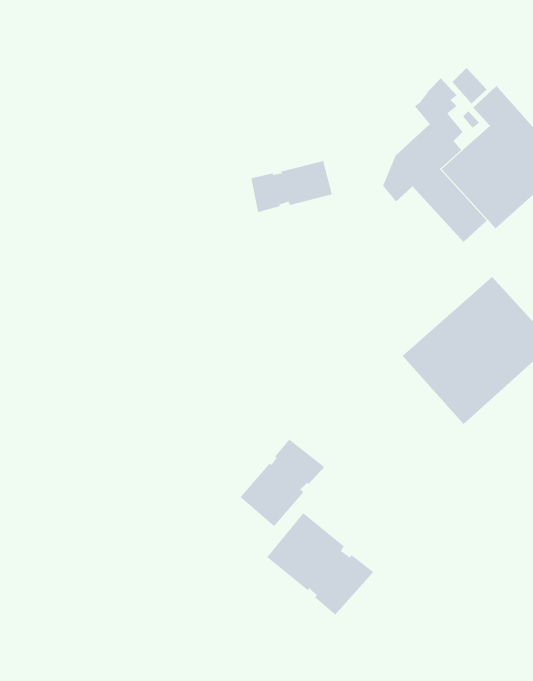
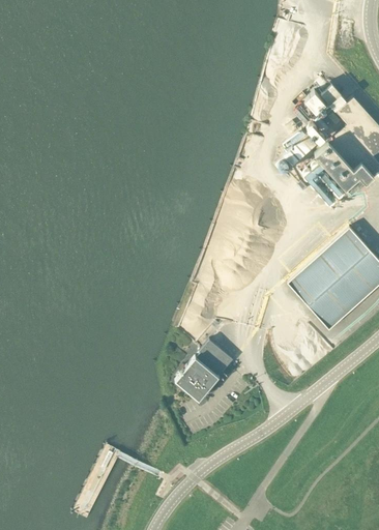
building: [251,160,333,213] -> none
building: [266,512,374,615] -> none

